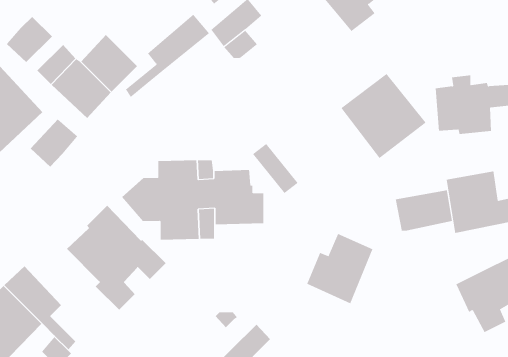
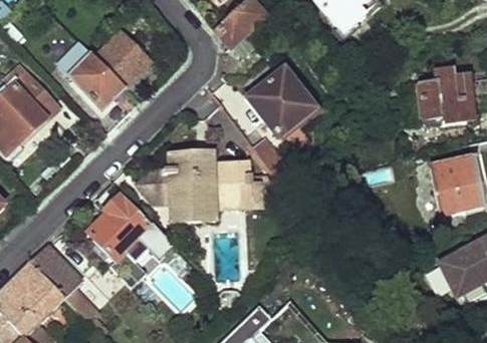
building: [125,14,210,98] -> none
building: [6,16,53,63] -> none
building: [341,73,426,159] -> [244,61,322,139]
building: [30,119,78,167] -> none
building: [395,189,453,232] -> none
building: [306,233,373,304] -> none

